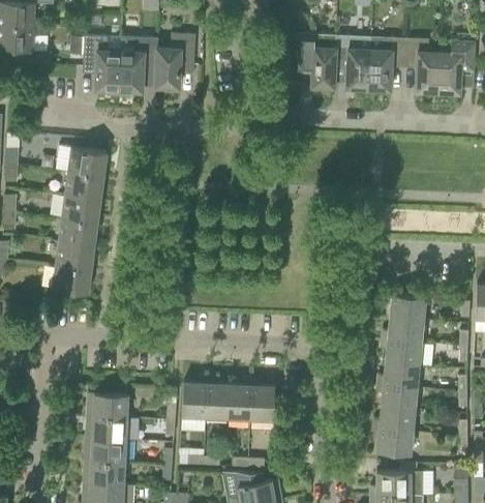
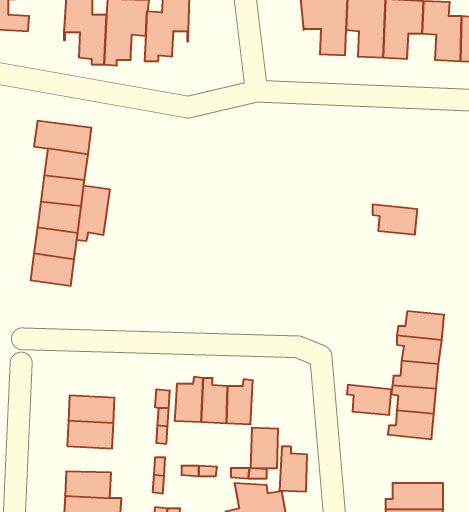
building: none -> [77,185,110,241]
building: [386,293,426,320] -> [373,204,417,234]
building: [250,379,275,419] -> [279,447,307,492]
building: [372,427,413,454] -> [347,385,392,415]
building: [85,438,126,462] -> none

